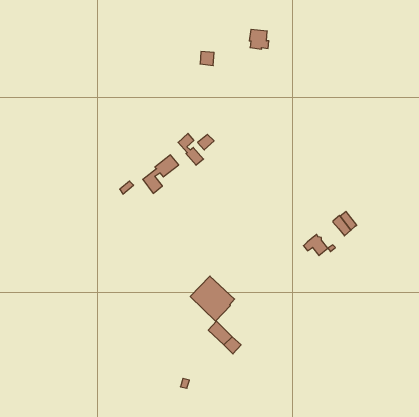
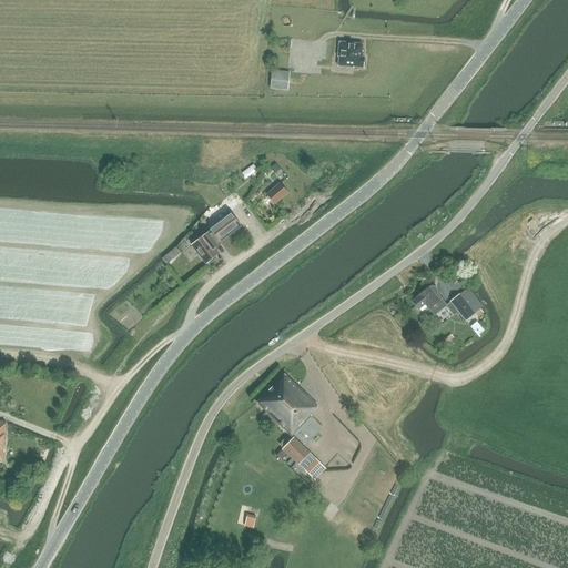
building: [178,133,204,165] -> none
building: [303,234,328,256] -> [413,284,446,313]

